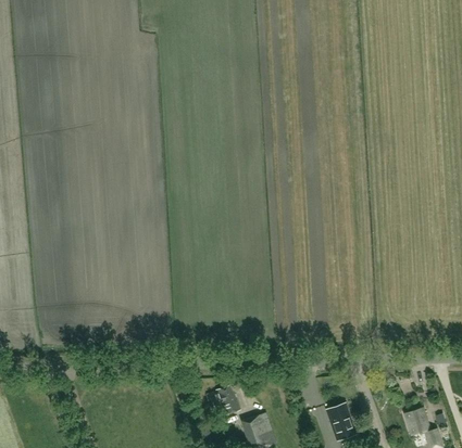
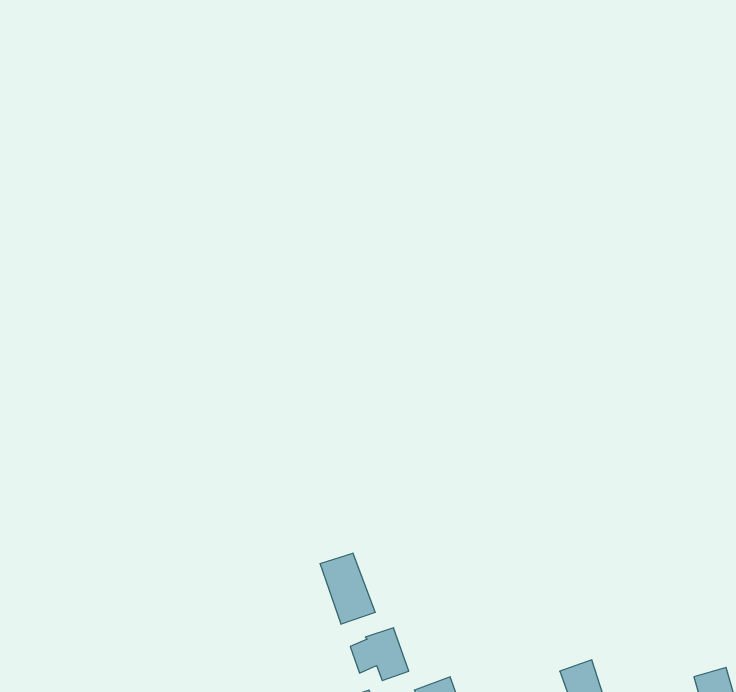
building: none -> [320,553,375,624]

